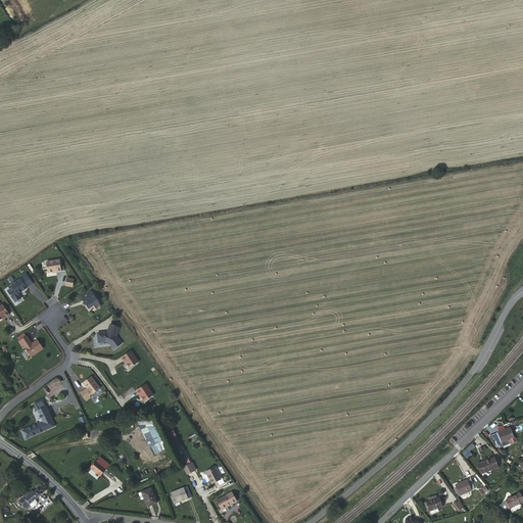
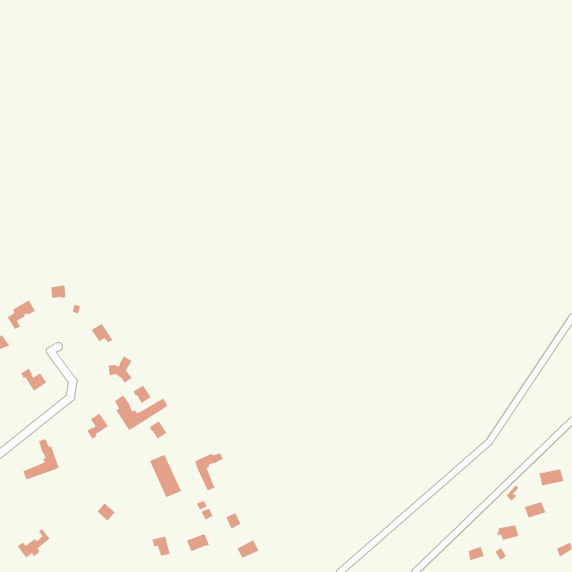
building: none -> [114,395,168,431]
building: none -> [194,452,223,491]

